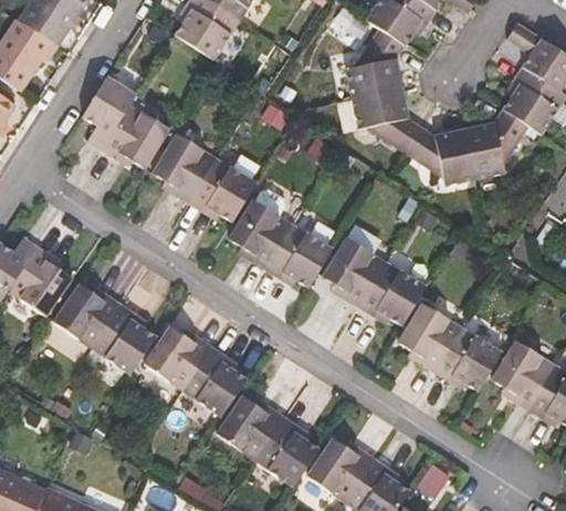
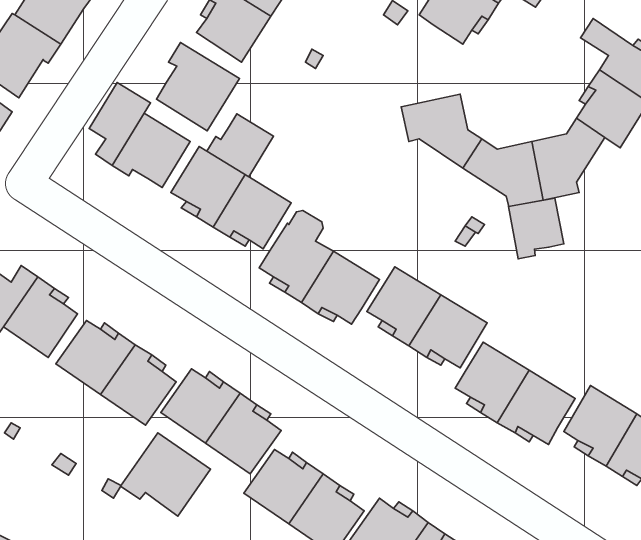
building: [346,28,405,98] -> none
building: none -> [156,42,240,131]
building: none -> [207,114,274,177]
building: none -> [508,198,564,259]
building: none -> [121,433,210,516]

